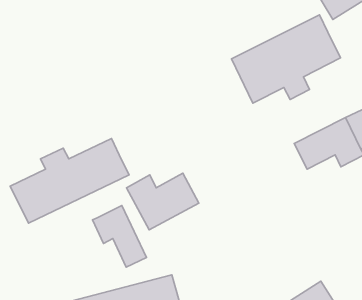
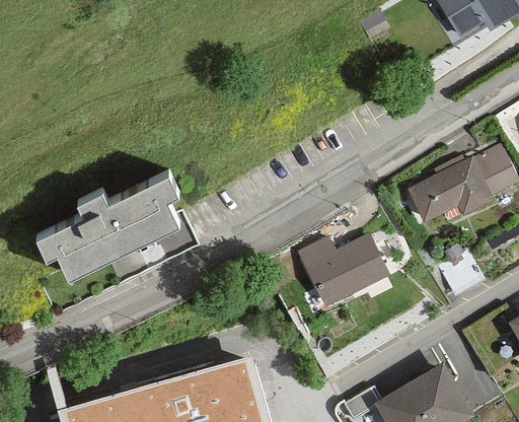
building: [231,15,341,103] -> none
building: [126,173,199,230] -> [295,232,386,303]
building: [92,206,147,267] -> none

